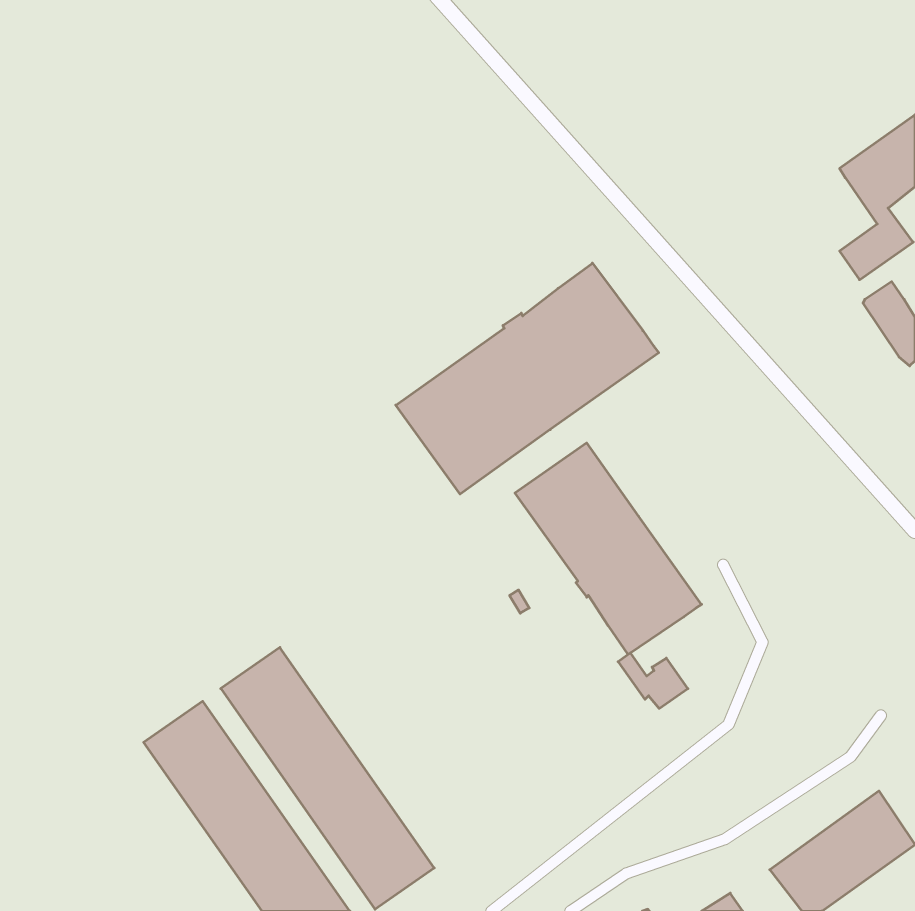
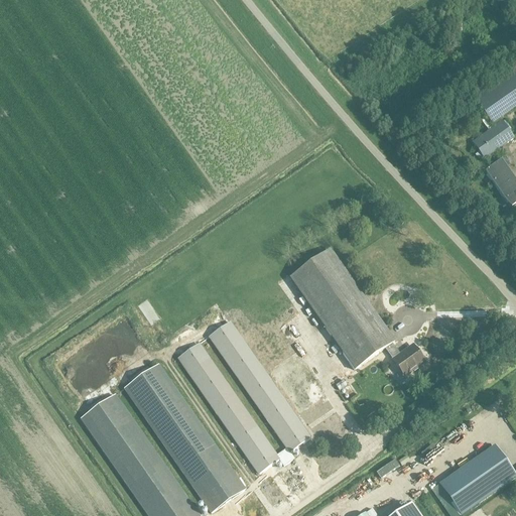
building: [396,263,659,494] -> none
building: none -> [177,320,309,473]
building: [618,653,688,708] -> [384,342,423,373]

